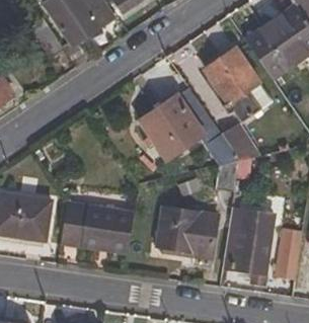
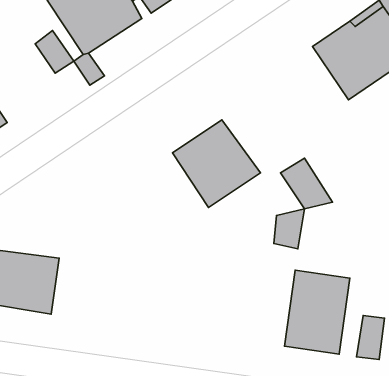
building: [205,48,272,122] -> none
building: [61,201,134,252] -> none
building: [156,207,220,260] -> none

